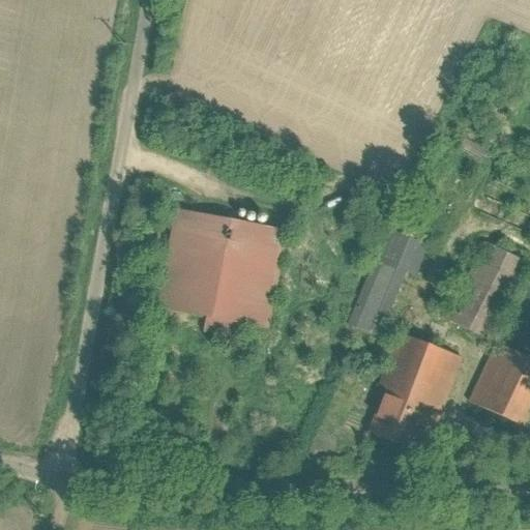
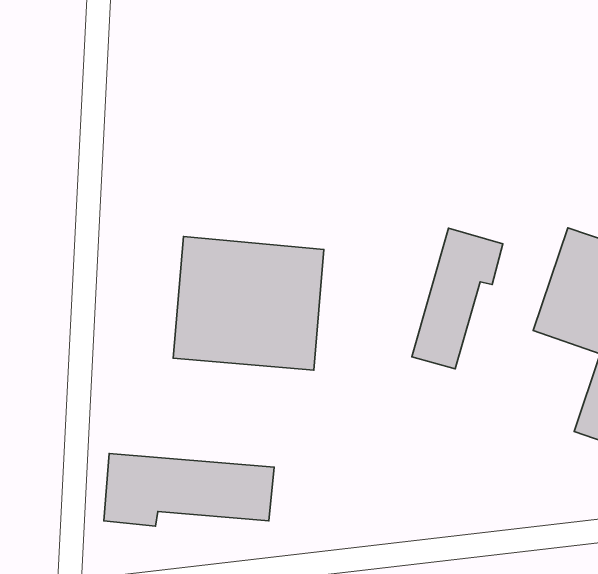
building: [371,332,465,452] -> none
building: none -> [104,453,274,526]

